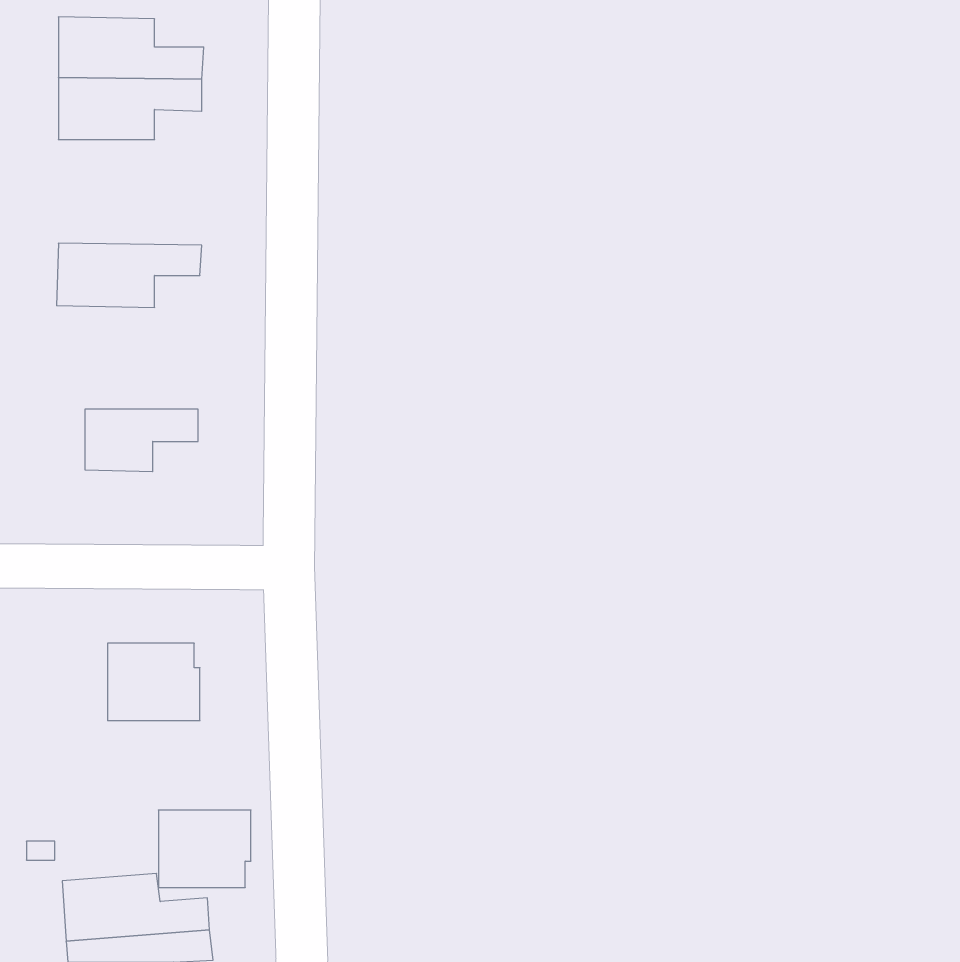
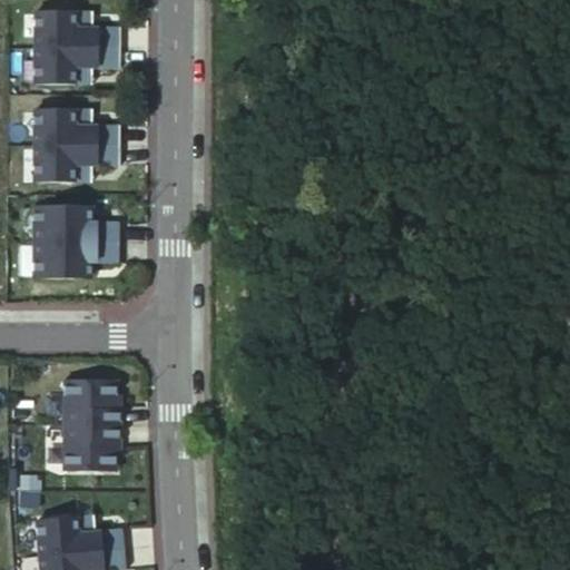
building: none -> [35,108,119,145]
building: none -> [50,205,117,242]
building: [158,810,251,887] -> [63,425,118,471]

